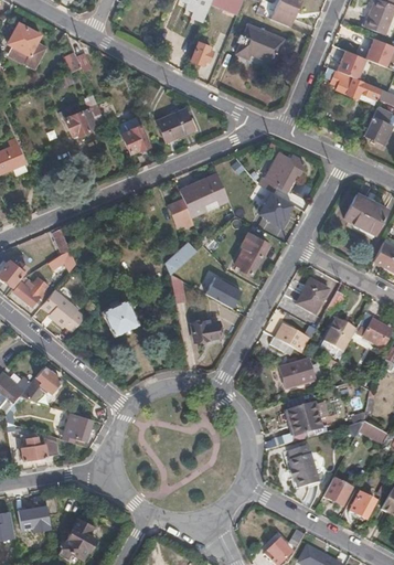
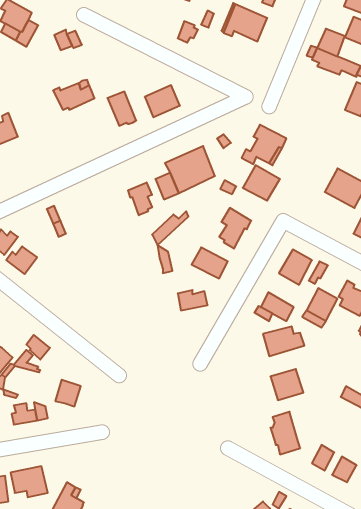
building: none -> [128,182,152,215]
building: [41,288,84,330] -> none
building: [102,299,138,335] -> none

